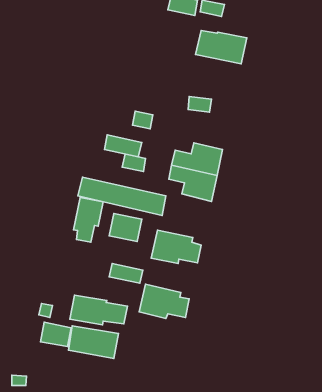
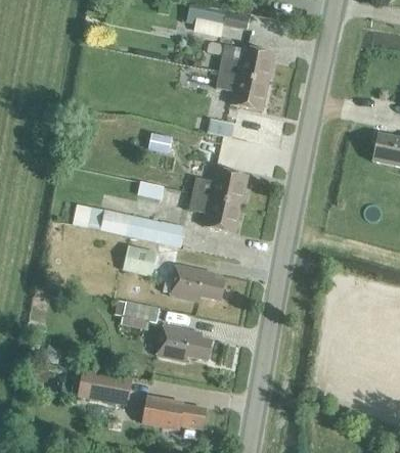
building: none -> [215,72,268,110]
building: [104,135,142,157] -> none
building: [74,198,103,242] -> none
building: [70,295,127,325] -> [142,397,206,429]

